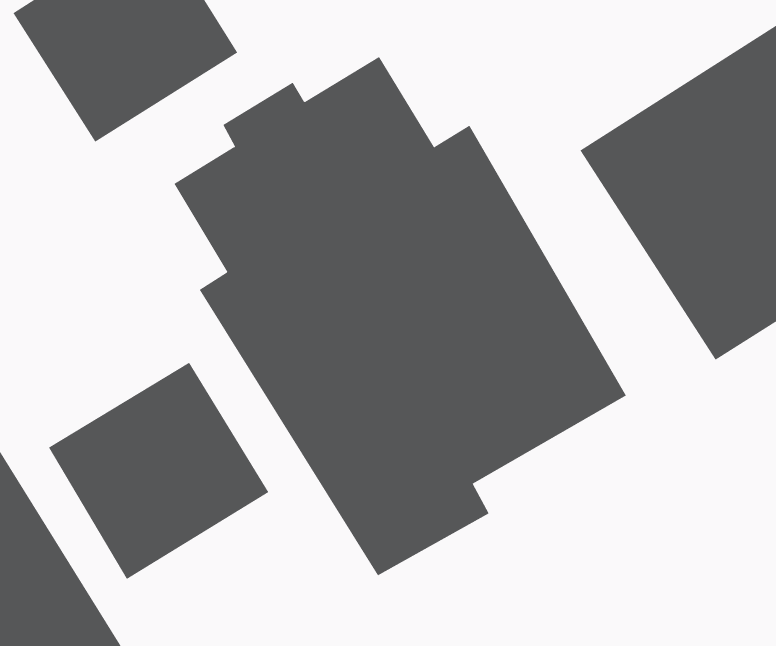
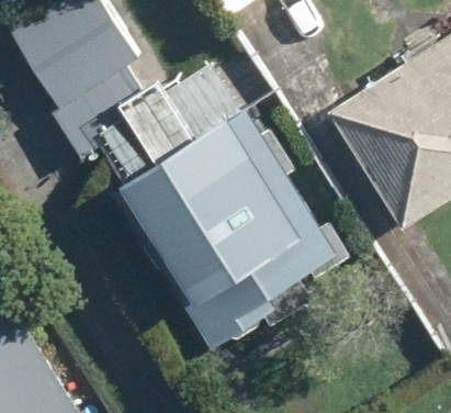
building: [48,362,269,580] -> none

